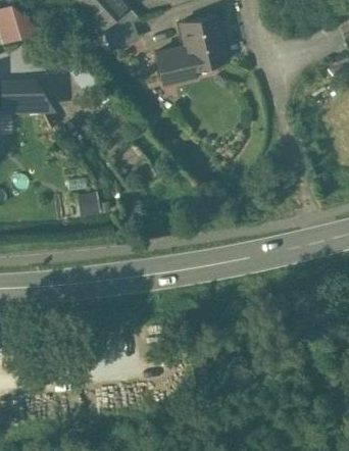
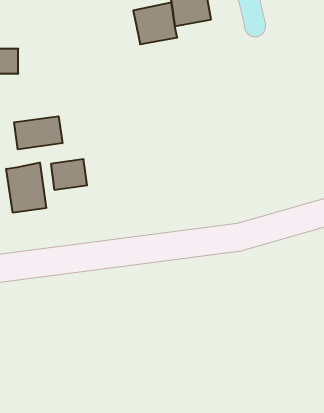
building: none -> [14,116,62,149]
building: none -> [6,163,46,213]

